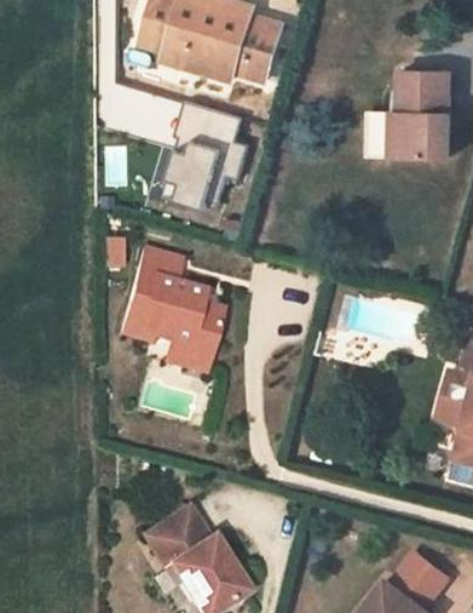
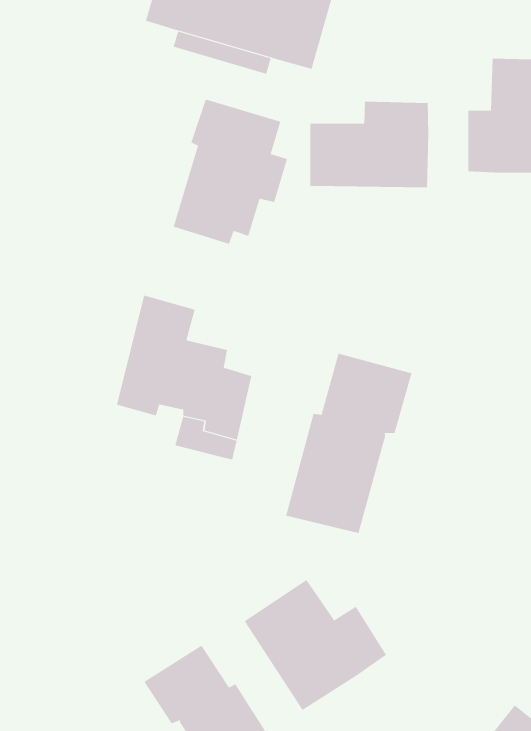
building: none -> [310,101,429,188]
building: none -> [285,353,412,534]
building: none -> [244,579,387,711]

